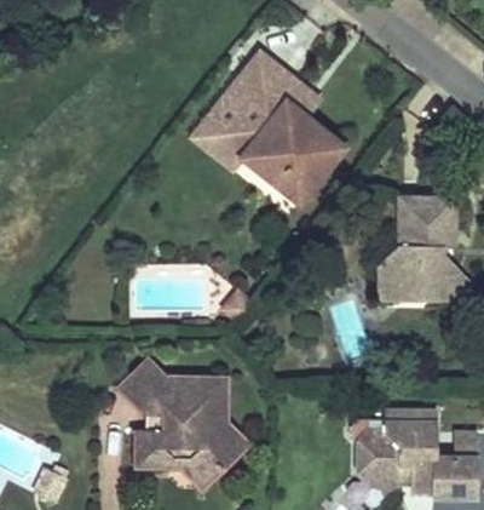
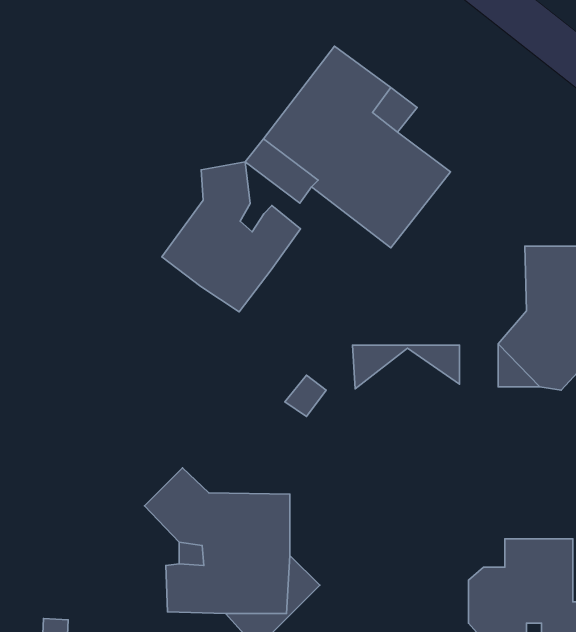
building: none -> [162,162,301,312]
building: none -> [352,345,460,389]

